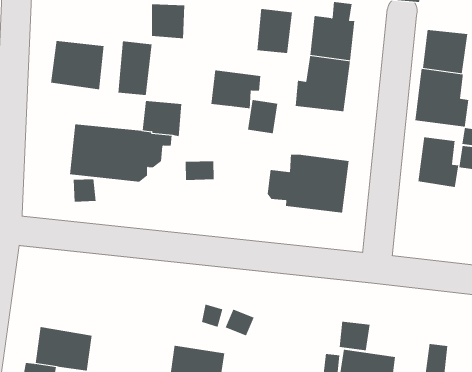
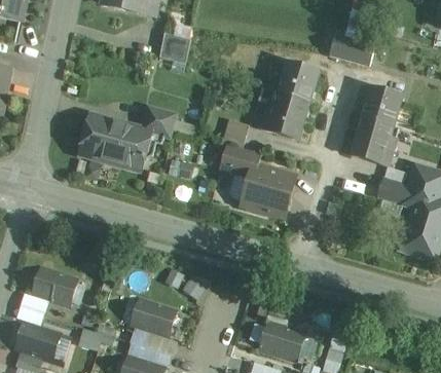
building: [257,8,293,54] -> none
building: [51,40,104,90] -> none
building: [118,41,152,96] -> none
building: [210,70,261,109] -> [218,145,260,179]
building: [418,137,459,188] -> none

